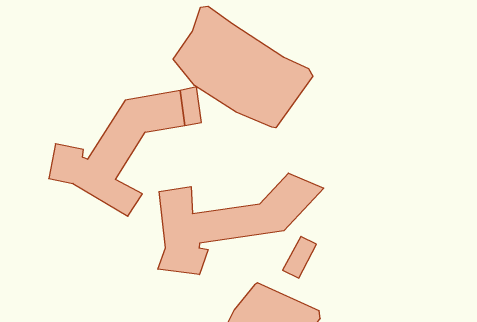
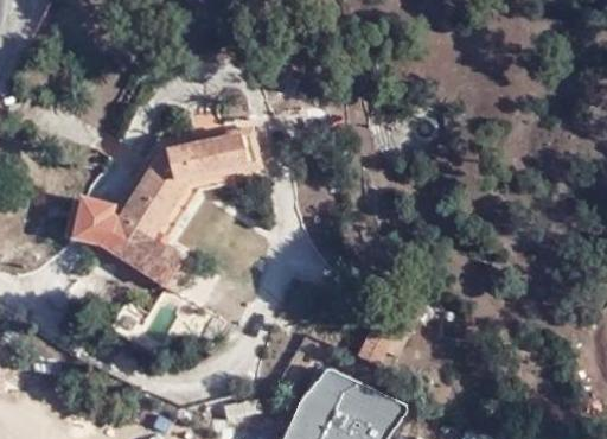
building: [173,6,313,128] -> none
building: [158,173,324,275] -> none

